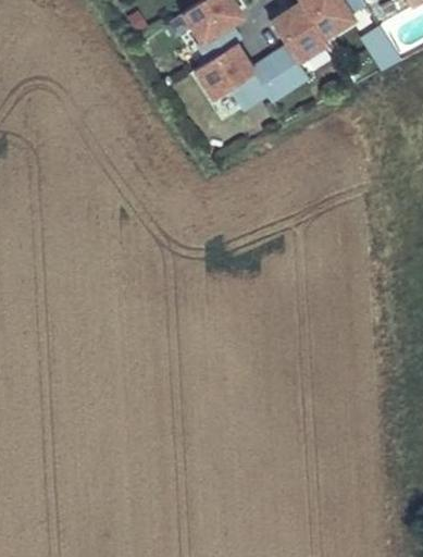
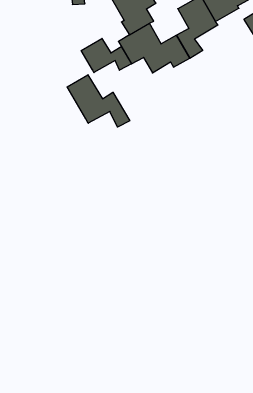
building: none -> [81,38,131,73]
building: none -> [67,75,130,127]

